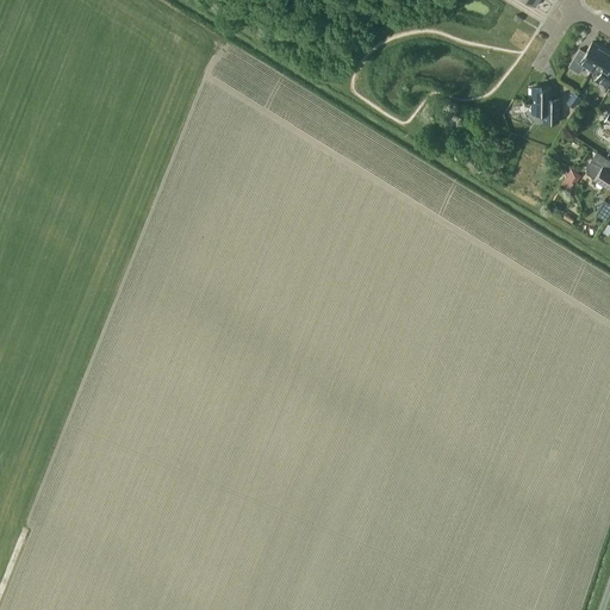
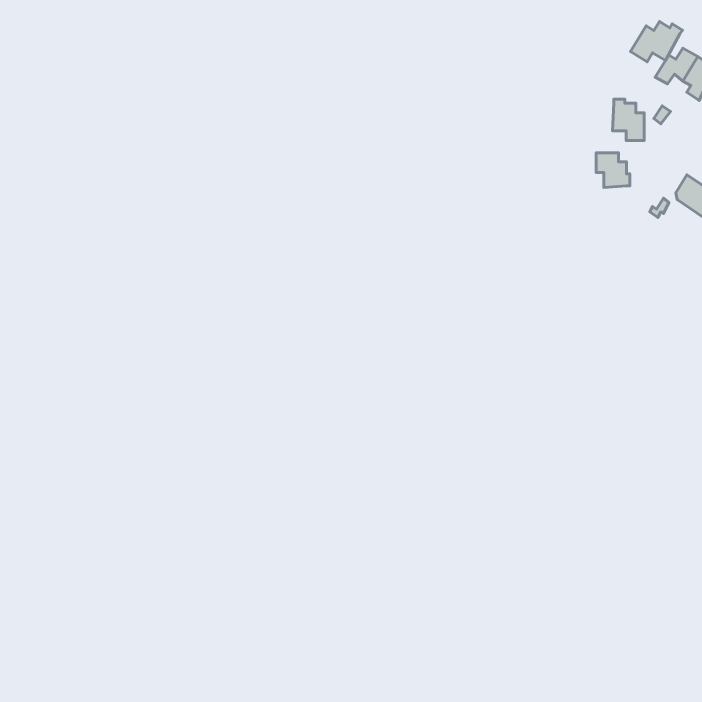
building: none -> [630,21,682,62]
building: none -> [596,153,630,187]

